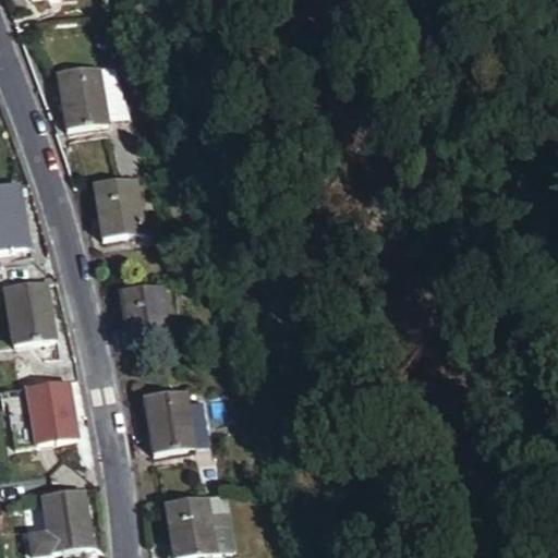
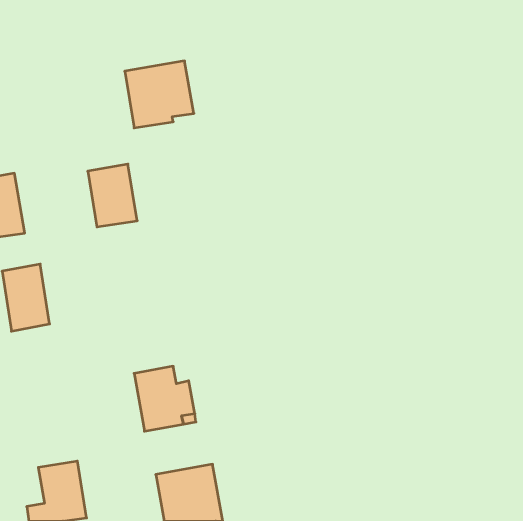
building: [58,60,131,131] -> [125,61,194,128]
building: [120,280,172,348] -> none
building: [24,377,75,447] -> none

